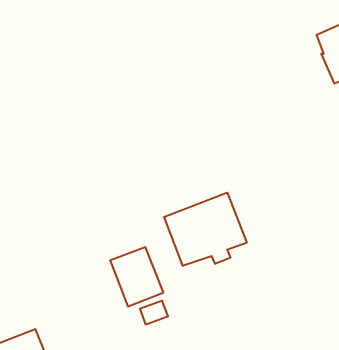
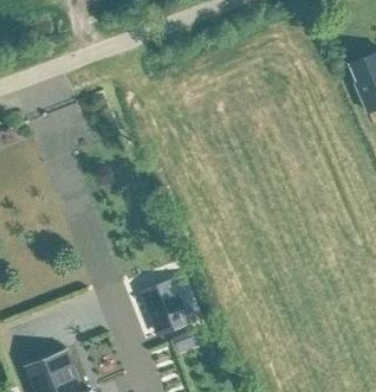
building: [164,193,247,266] -> none

